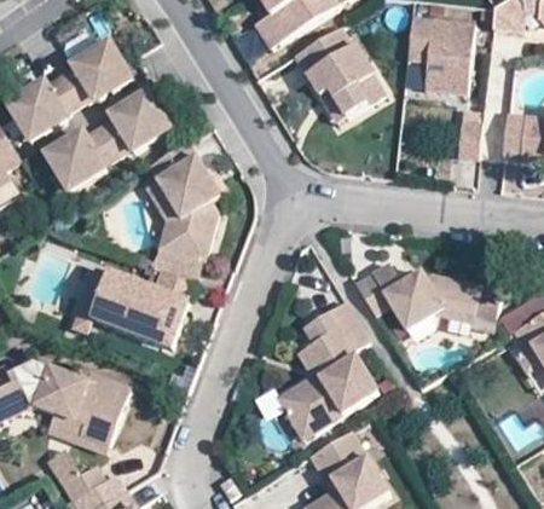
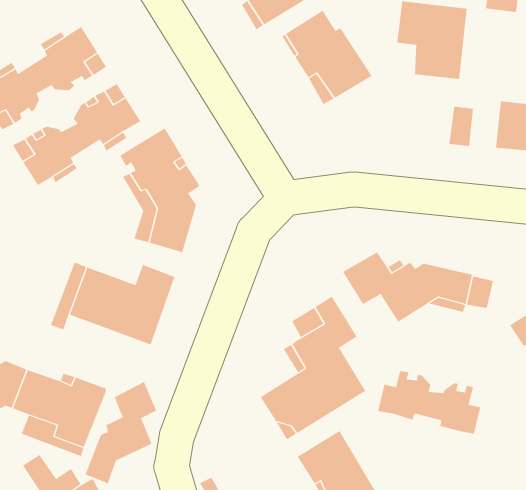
building: none -> [377,370,481,434]
building: none -> [85,381,157,484]

